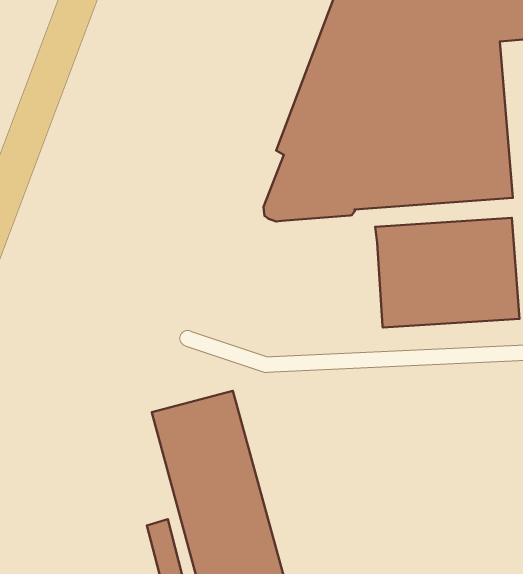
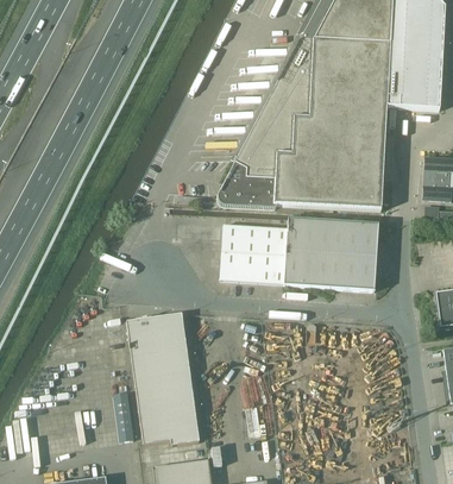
building: none -> [221,224,289,283]

